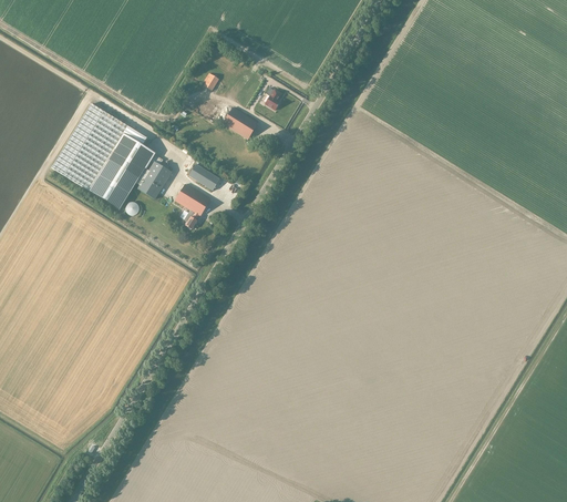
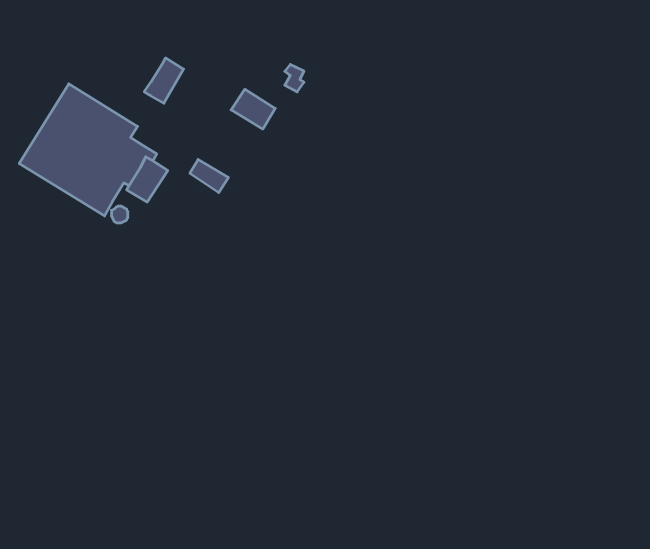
building: none -> [144,58,184,103]
building: [174,184,209,229] -> none

